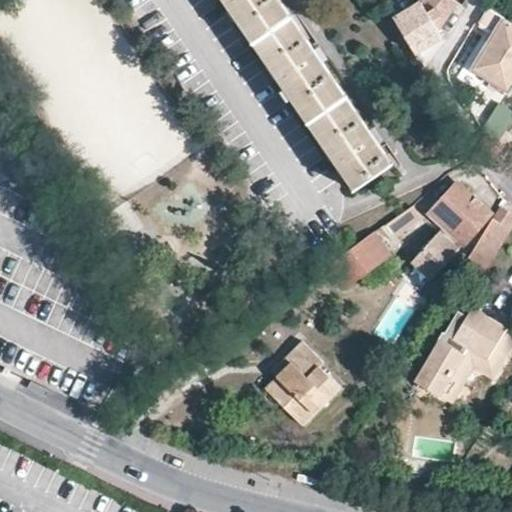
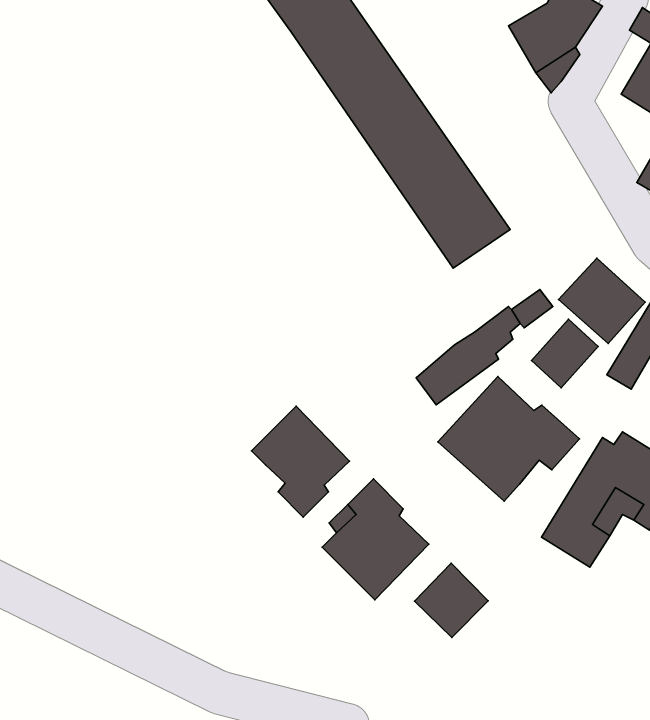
building: none -> [438,377,579,501]
building: none -> [251,406,350,517]
building: none -> [415,563,488,637]

